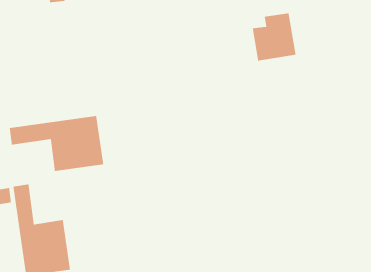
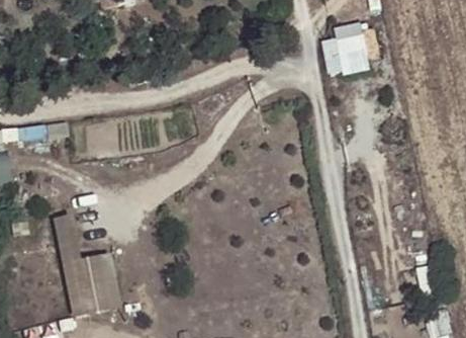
building: [9,115,104,172] -> none

